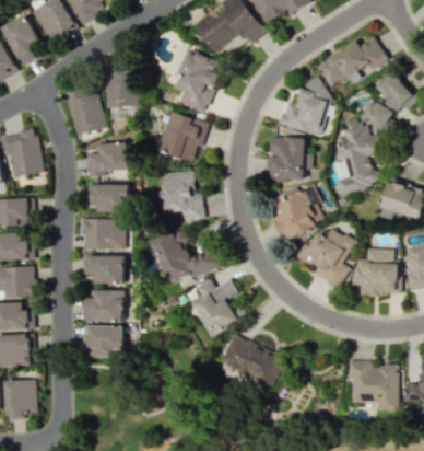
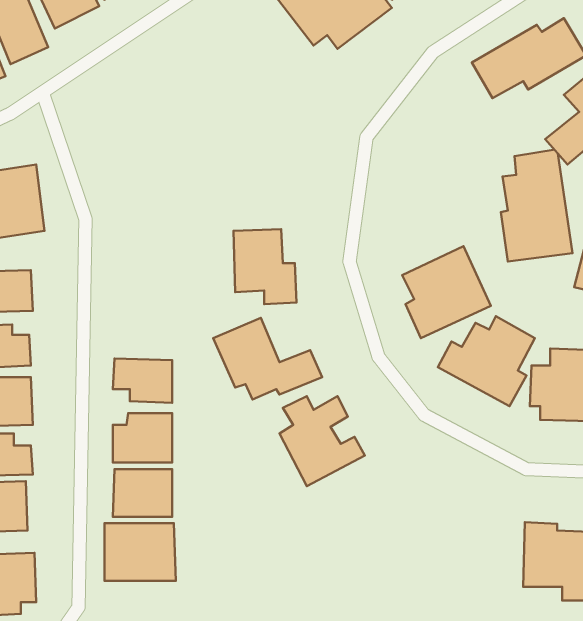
building: [175,49,220,113] -> none
building: [105,72,136,107] -> none
building: [279,77,331,136] -> none
building: [66,86,106,136] -> none
building: [157,111,209,161] -> none
building: [268,137,311,181] -> none
building: [87,143,129,176] -> none
building: [91,184,129,212] -> none
building: [80,218,123,250] -> none
building: [217,334,283,395] -> none
building: none -> [105,523,176,581]

